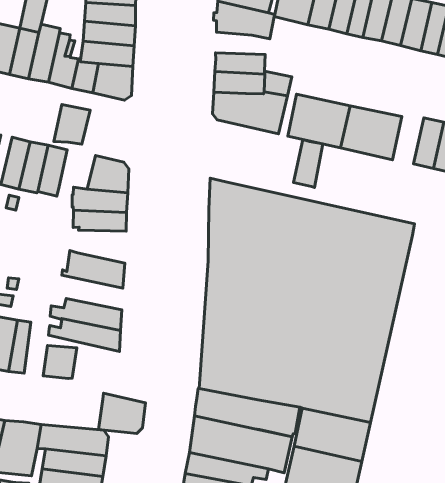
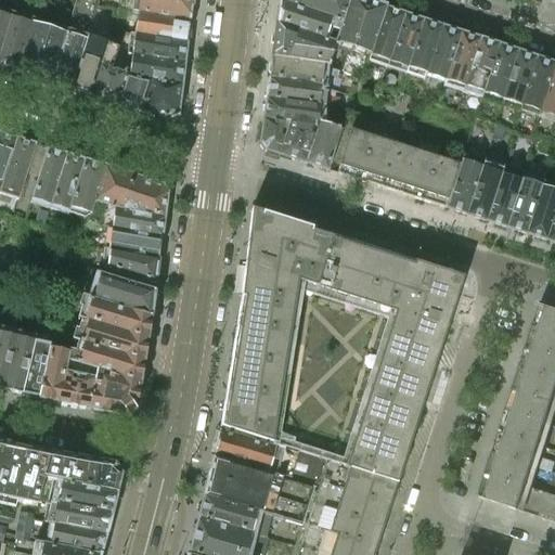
building: none -> [269,54,357,92]
building: [54,105,90,144] -> [93,164,134,207]
building: none -> [446,157,482,211]
building: [294,139,323,187] -> none
building: none -> [106,249,159,288]
building: none -> [76,292,151,337]
building: none -> [39,346,69,399]
building: [98,393,146,433] -> [89,366,141,412]

